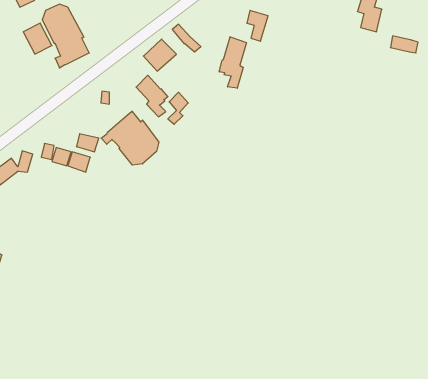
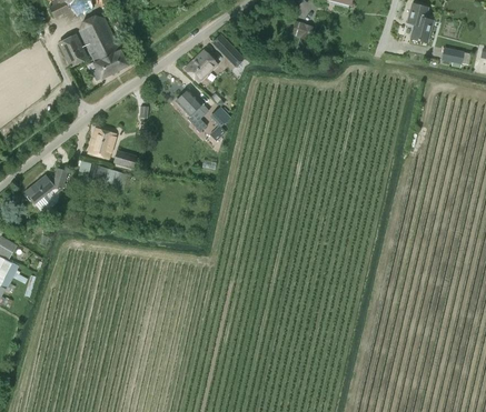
building: [219,37,247,88] -> none
building: [101,111,159,165] -> none
building: none -> [88,129,116,159]

